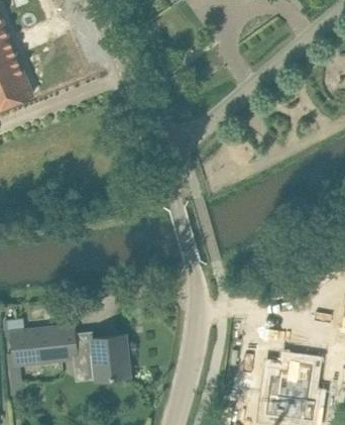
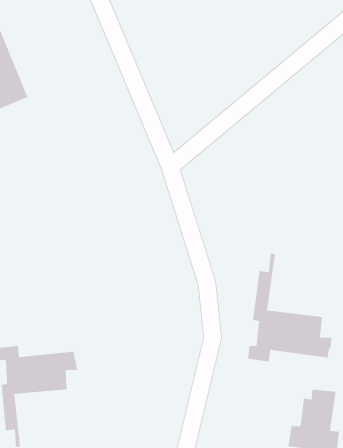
building: none -> [247,253,333,363]
building: [75,331,128,379] -> none

